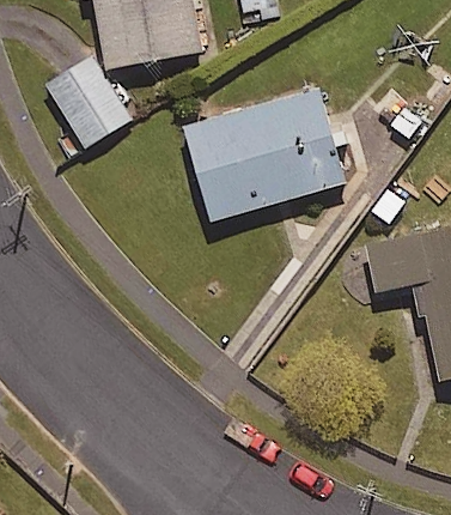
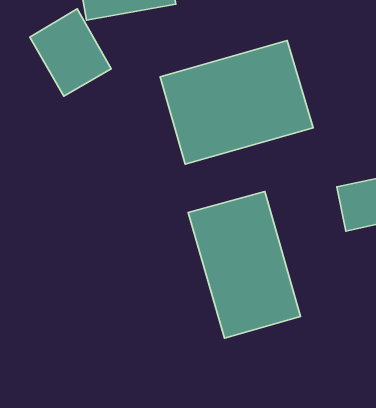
building: none -> [188,192,301,338]

